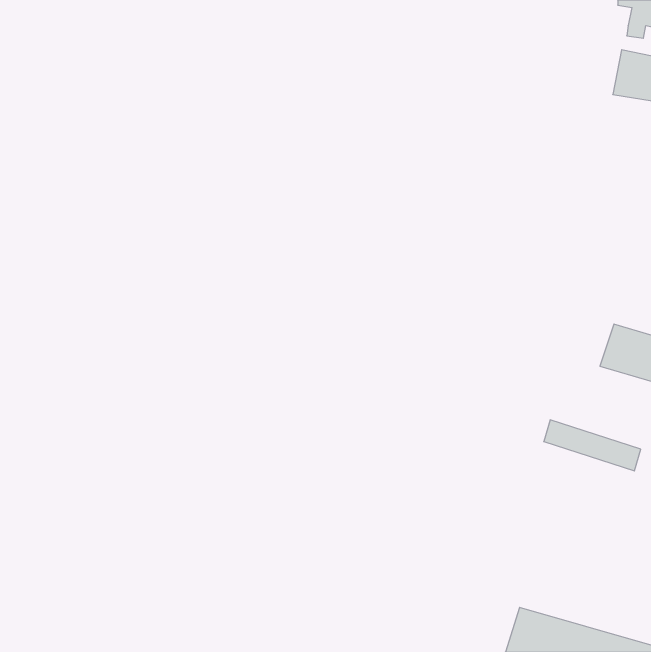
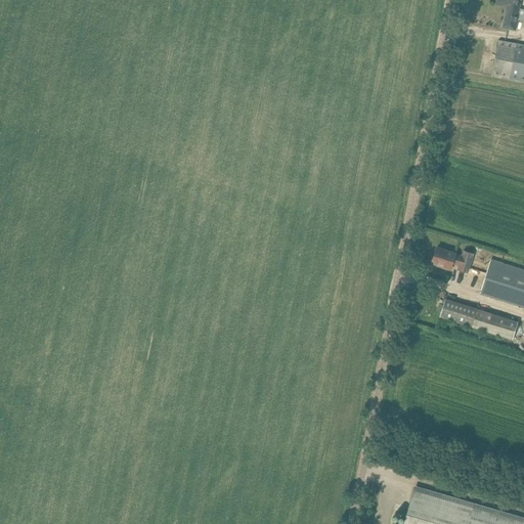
building: none -> [433,248,475,273]
building: [544,420,641,471] -> [441,299,519,340]

